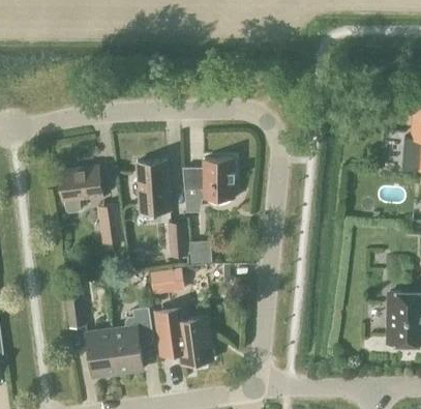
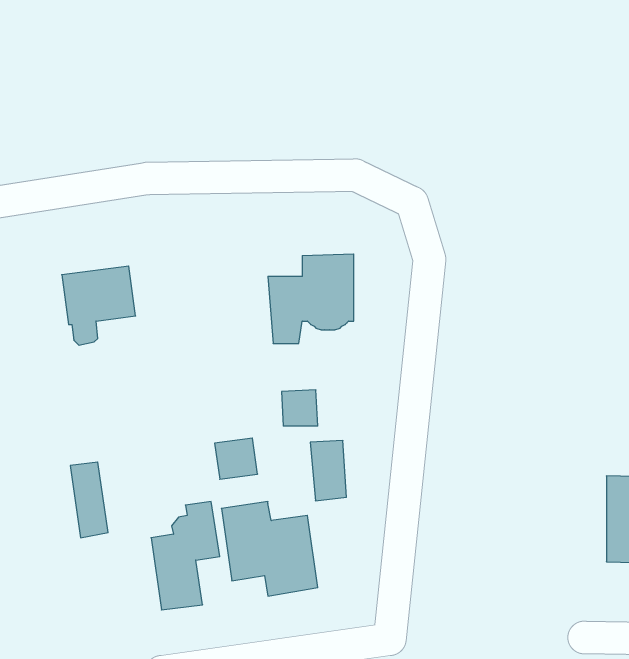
building: [132,162,170,213] -> none
building: [97,204,123,245] -> none
building: [167,222,188,258] -> [310,441,346,501]
building: [86,330,118,378] -> none

